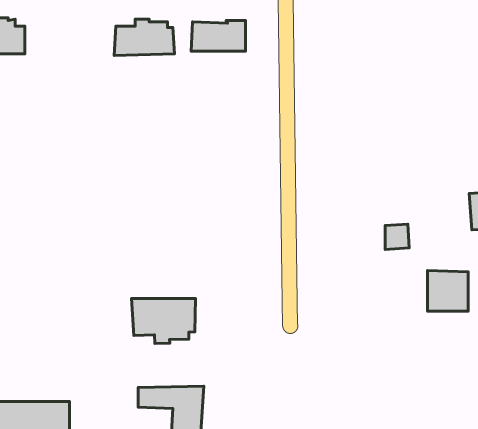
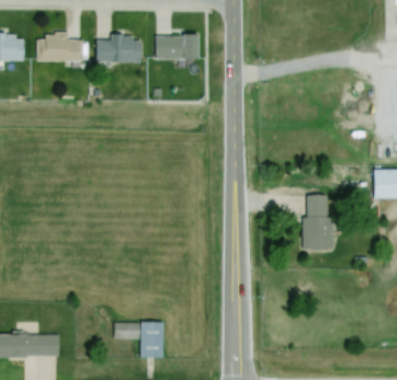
building: none -> [36,33,84,61]
building: [428,271,468,311] -> [300,217,332,249]
building: [131,299,196,344] -> none

